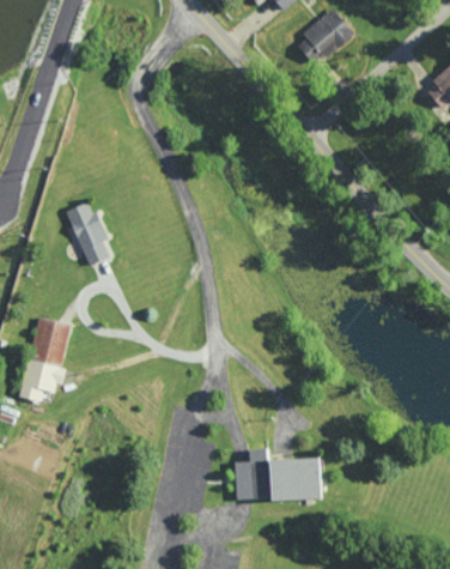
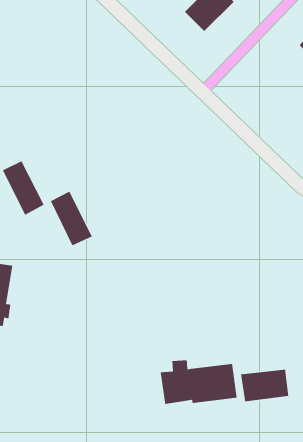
building: none -> [50,191,93,246]
building: none -> [241,369,289,402]

